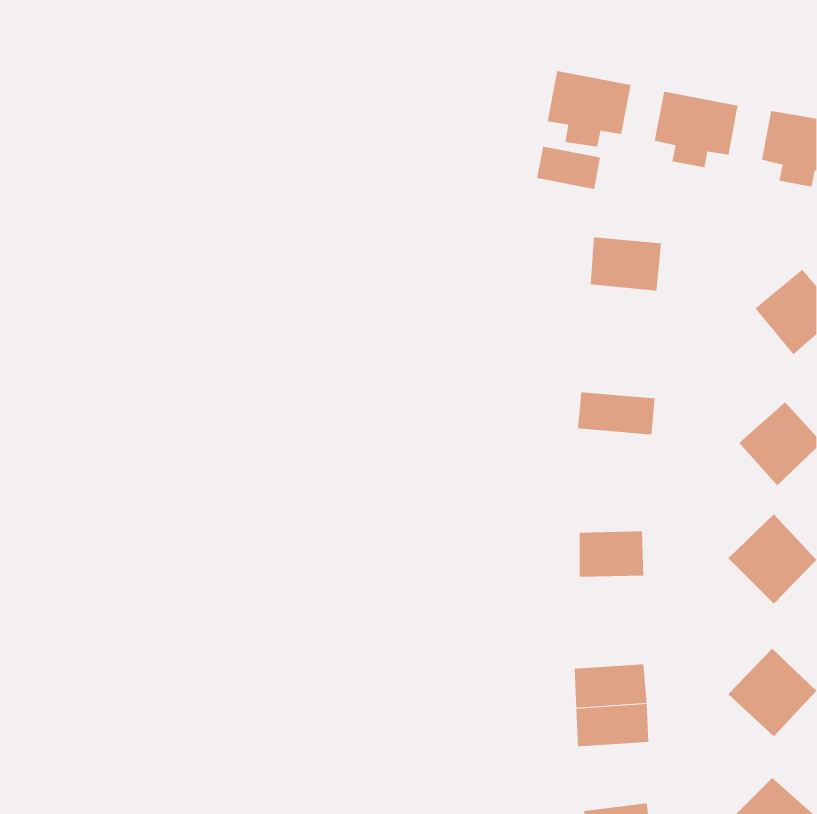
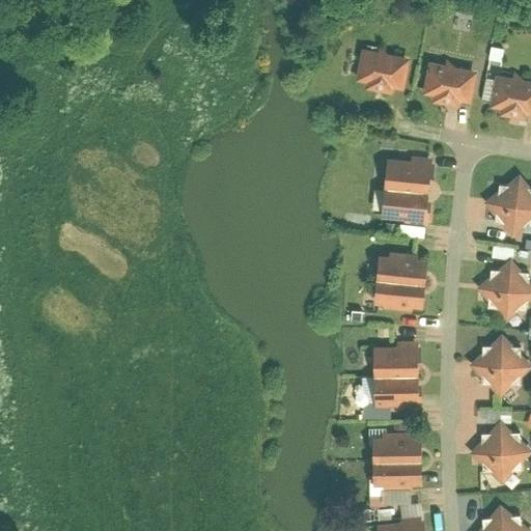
building: [536,146,601,190] -> none
building: none -> [381,187,427,218]
building: none -> [372,280,421,309]
building: none -> [375,375,419,407]

